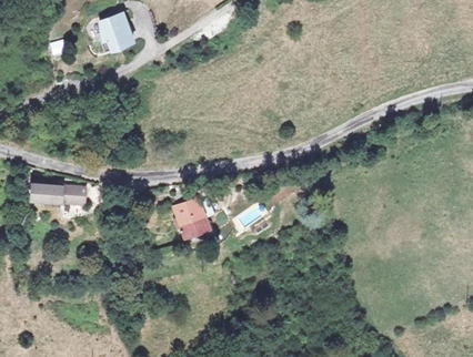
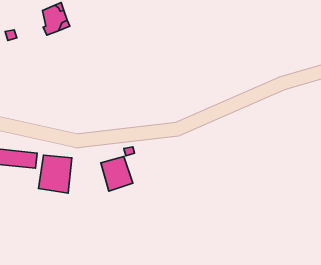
building: none -> [39,155,72,193]

